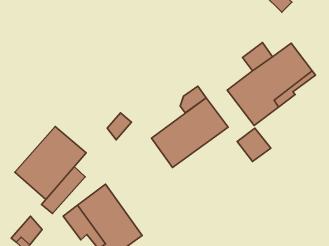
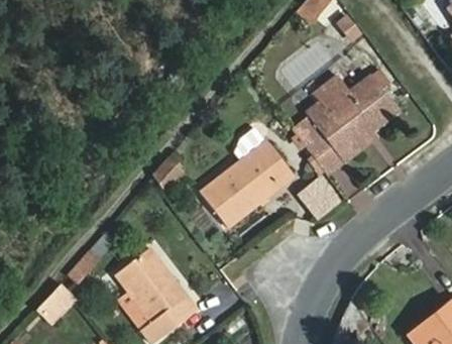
building: [15,126,86,199] -> none

